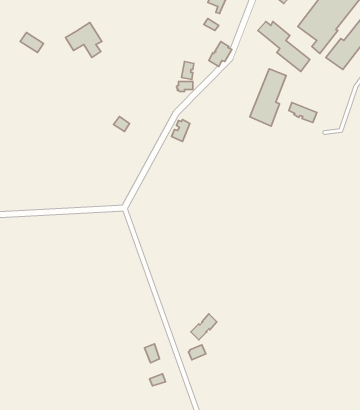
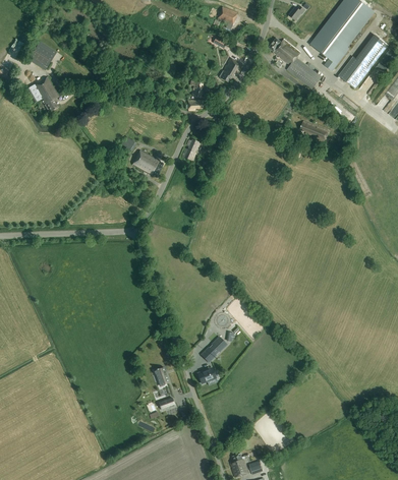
building: [66,23,102,58] -> [23,76,60,112]
building: [250,69,286,126] -> none
building: none -> [132,151,164,178]

